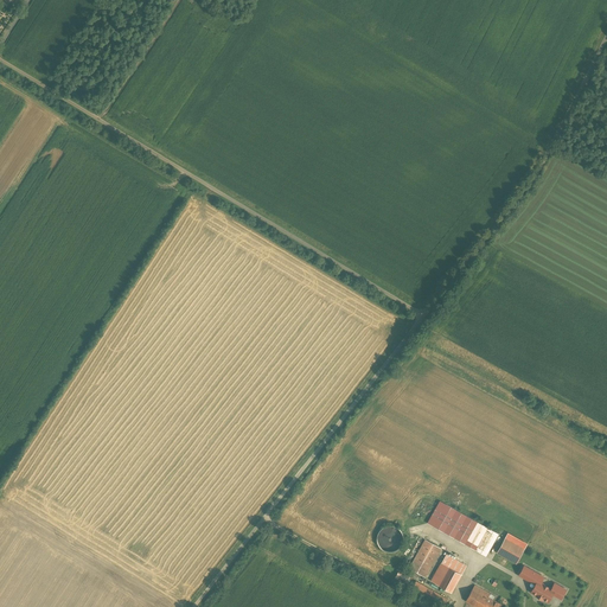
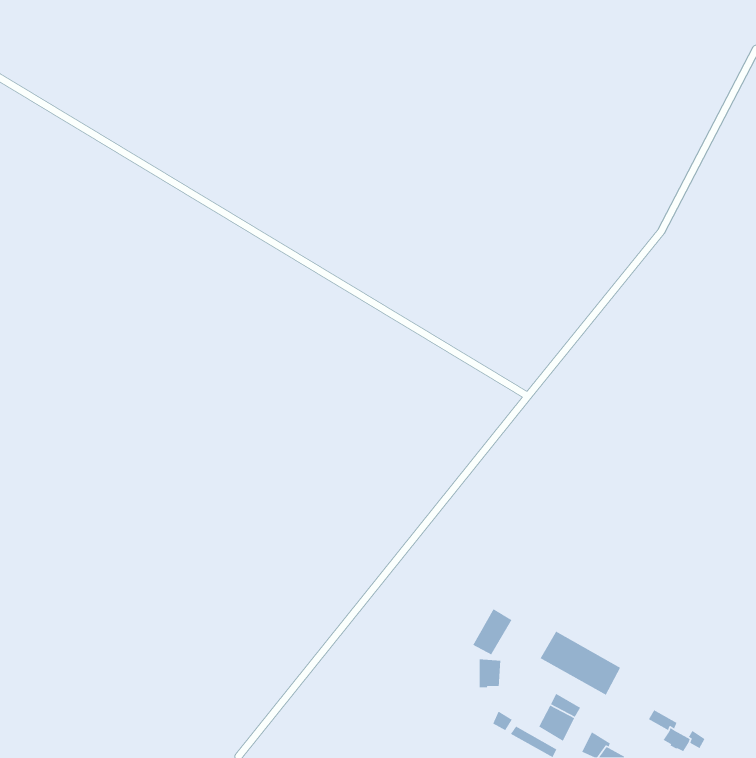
building: [496,532,526,563] -> none
building: [408,539,440,577] -> [472,608,512,656]

